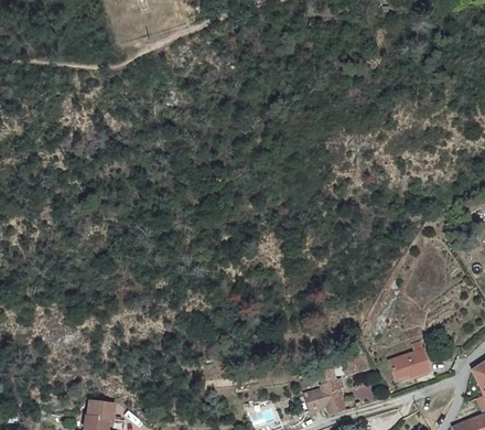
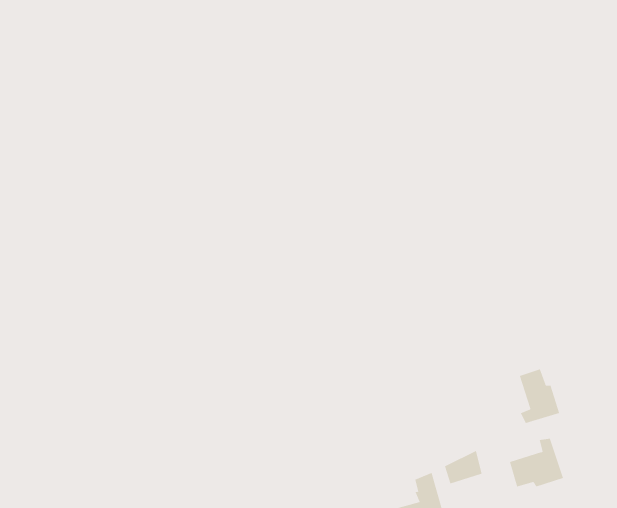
building: none -> [519,368,560,424]

